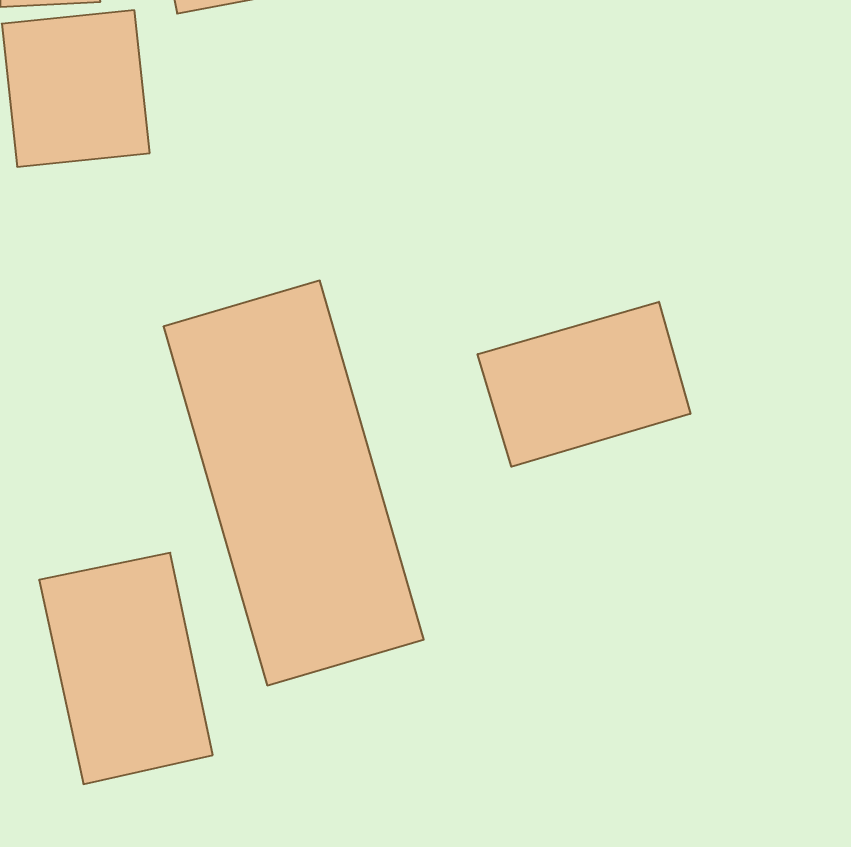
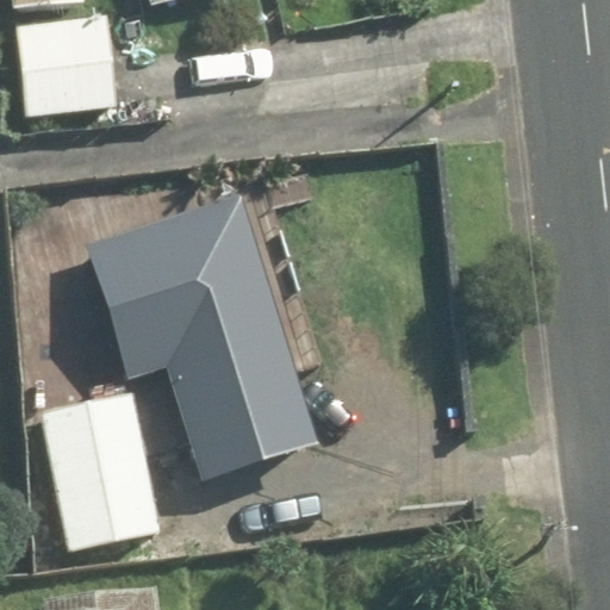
building: [478,302,690,467] -> none

